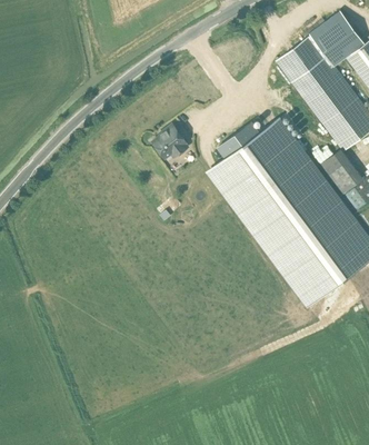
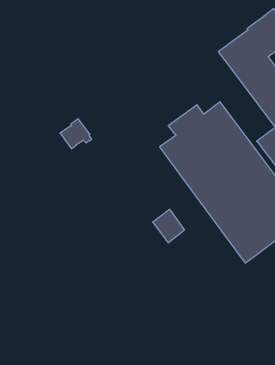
building: [151,125,188,159] -> [60,119,92,149]
building: none -> [153,209,184,243]

